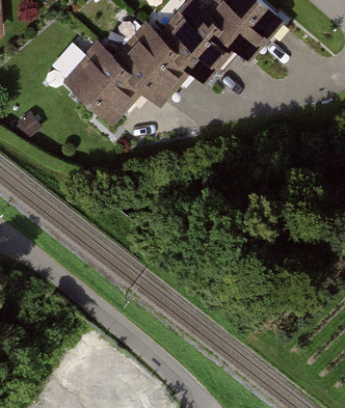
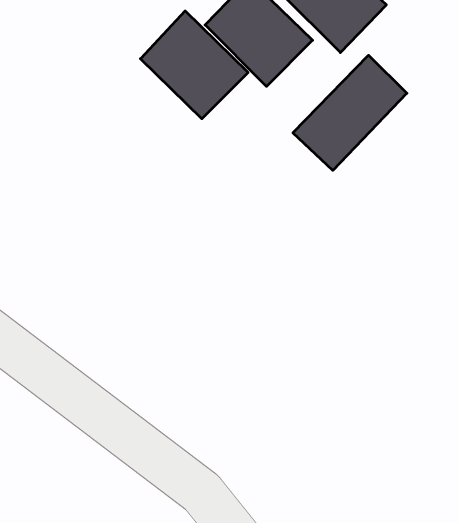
building: [67,46,139,117] -> none
building: none -> [293,55,407,170]

